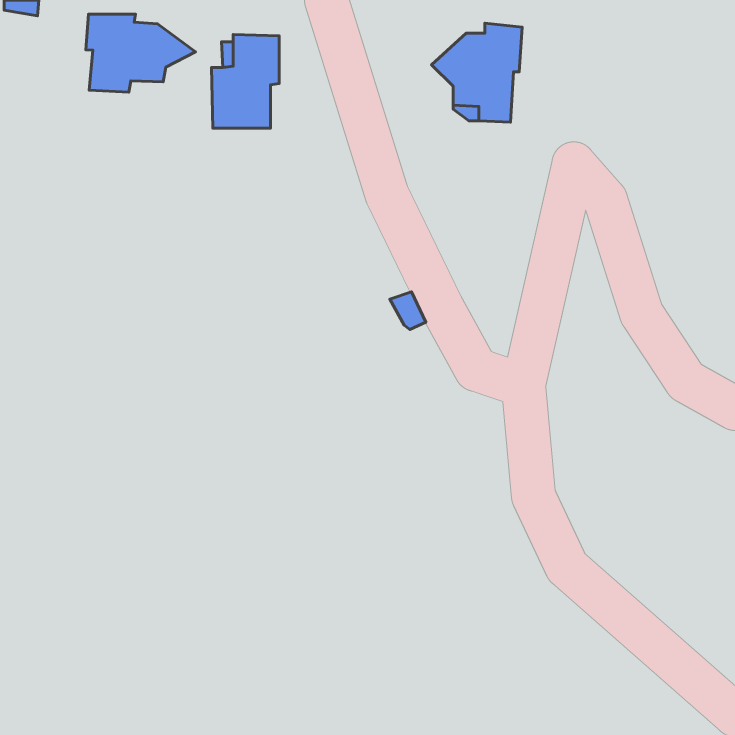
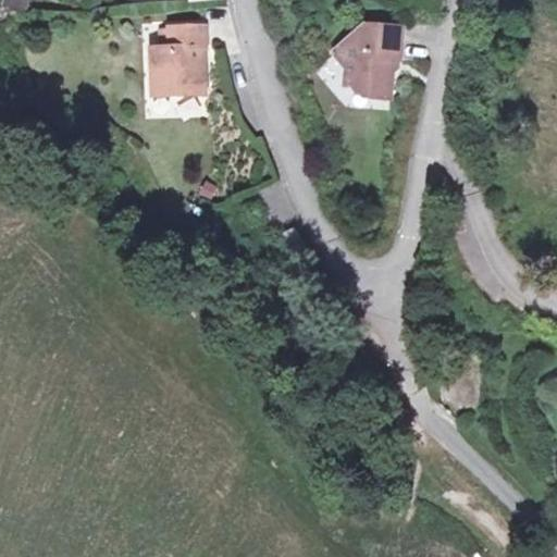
building: [86,14,196,92] -> none

